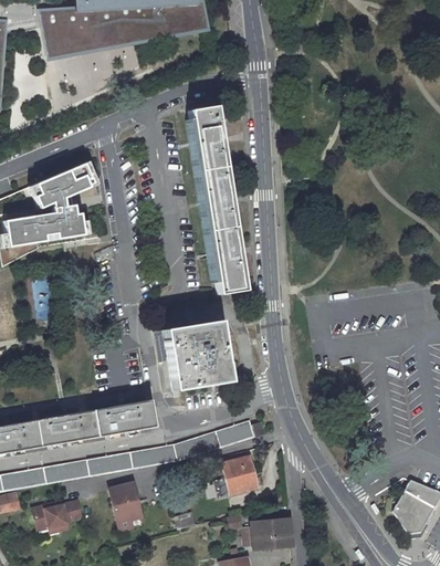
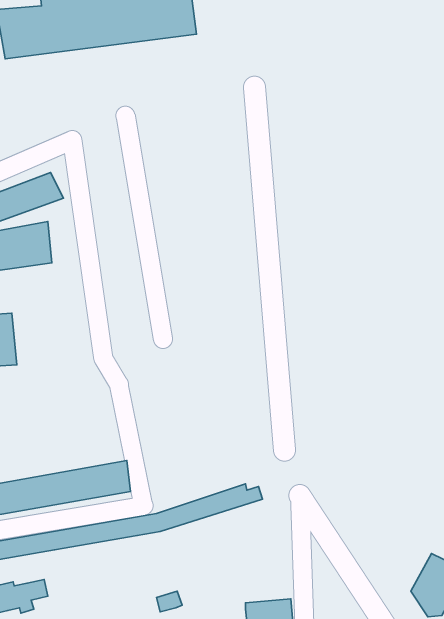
building: [190,106,245,294] -> none
building: [165,321,230,390] -> none
building: [217,449,259,495] -> none
building: [112,482,145,530] -> none

